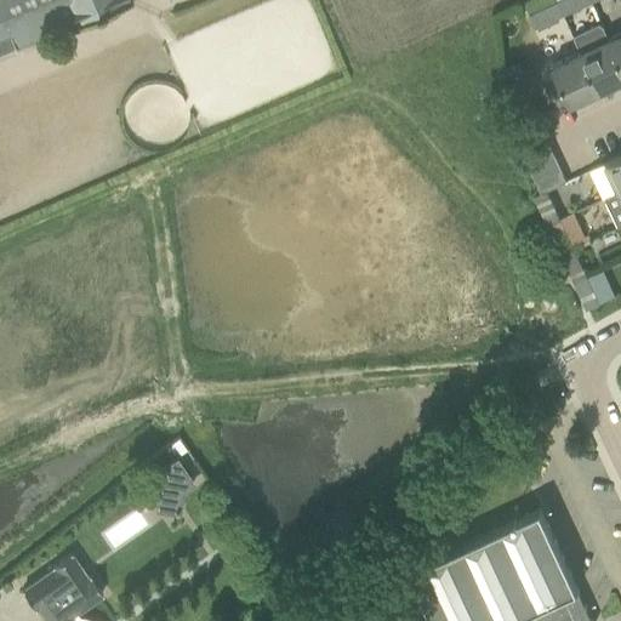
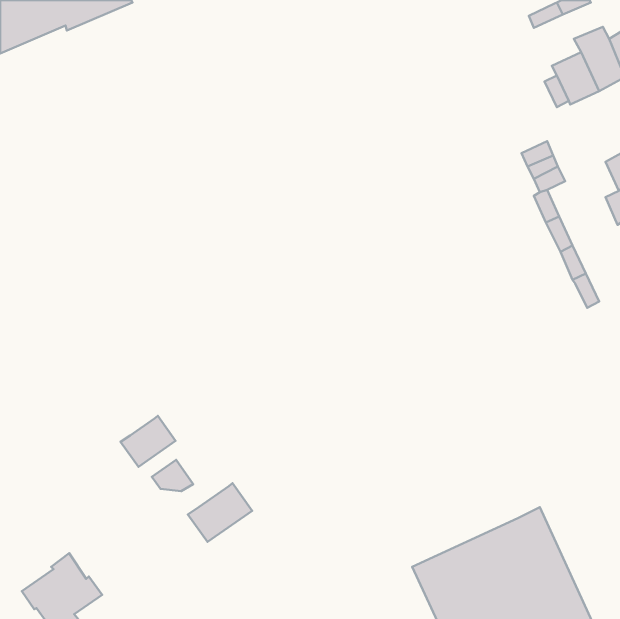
building: none -> [121,416,175,467]
building: none -> [188,483,252,542]

